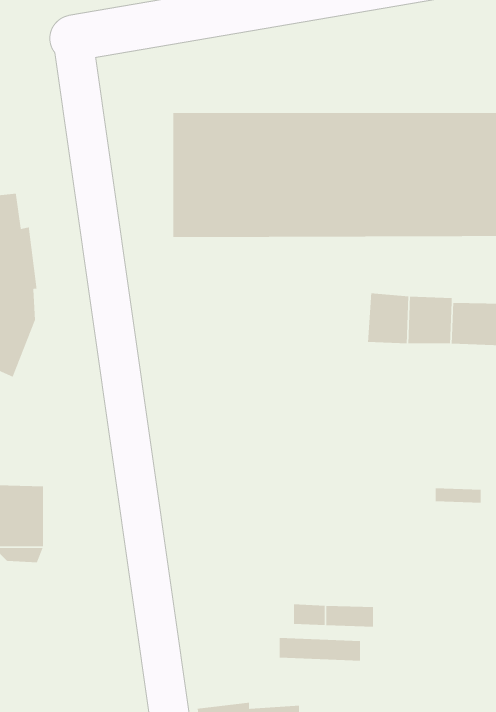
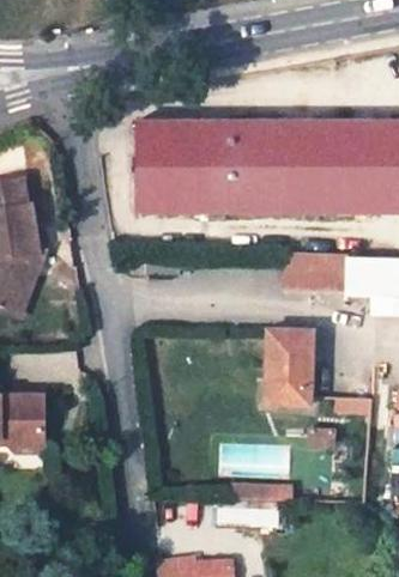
building: none -> [266,329,312,402]

